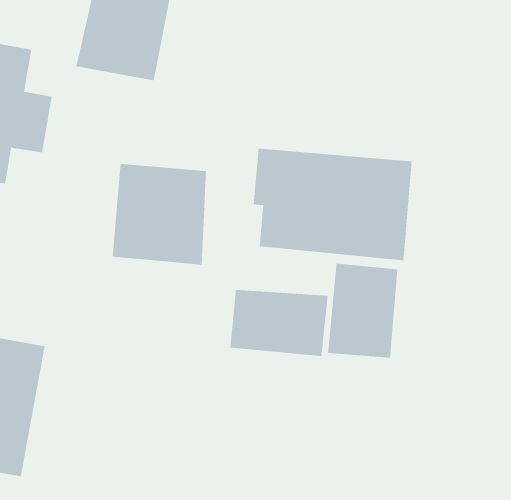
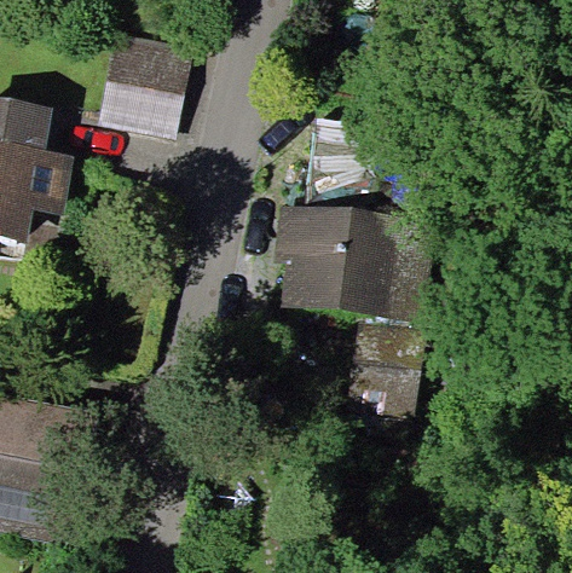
building: [112,163,206,265] -> none
building: [230,289,328,357] -> none

